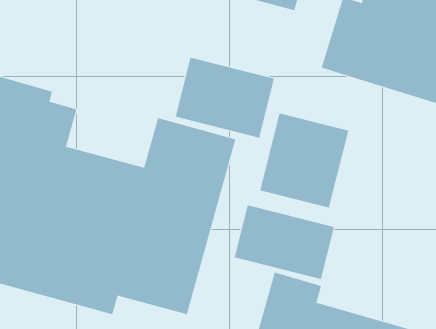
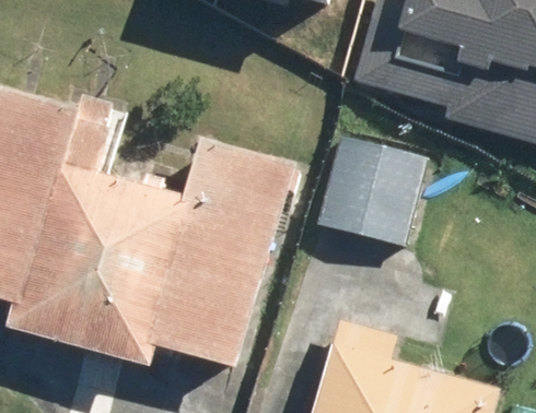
building: [175,57,275,139] -> none
building: [234,205,335,280] -> none

